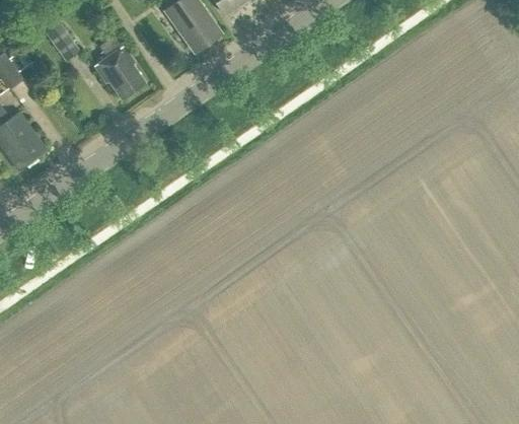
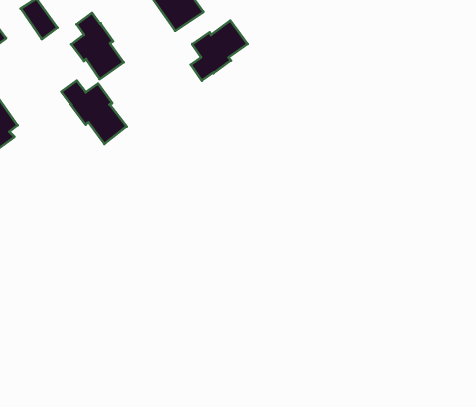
building: none -> [191,21,248,81]
building: none -> [62,81,127,144]

